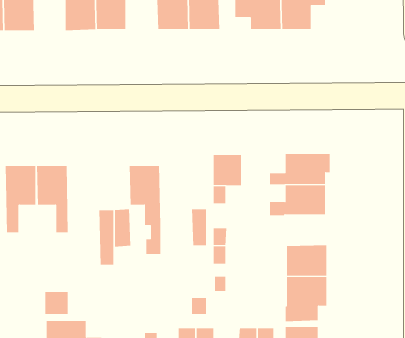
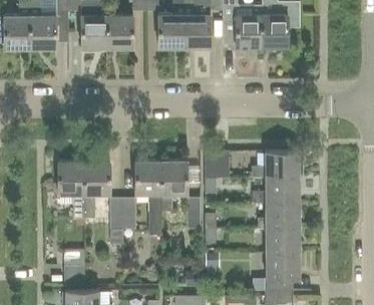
building: [5,165,36,233] -> [83,161,109,217]
building: none -> [160,161,186,211]
building: none -> [258,202,300,228]

